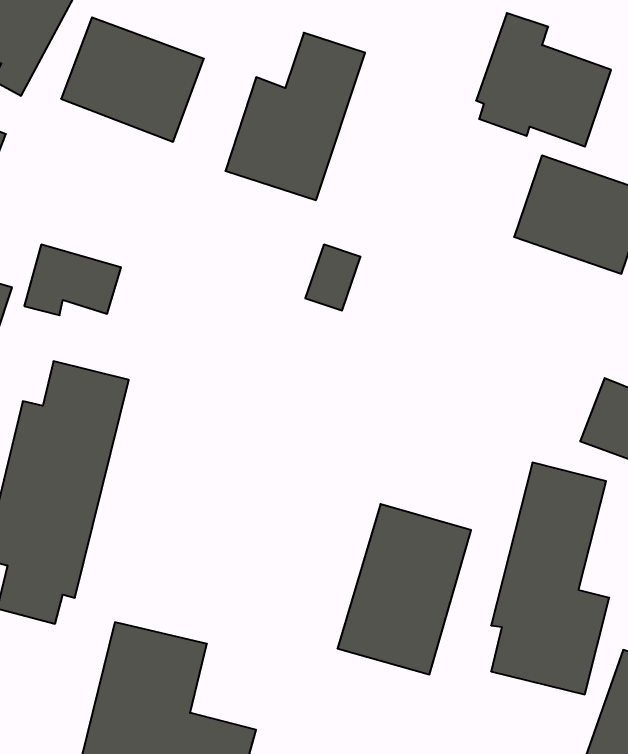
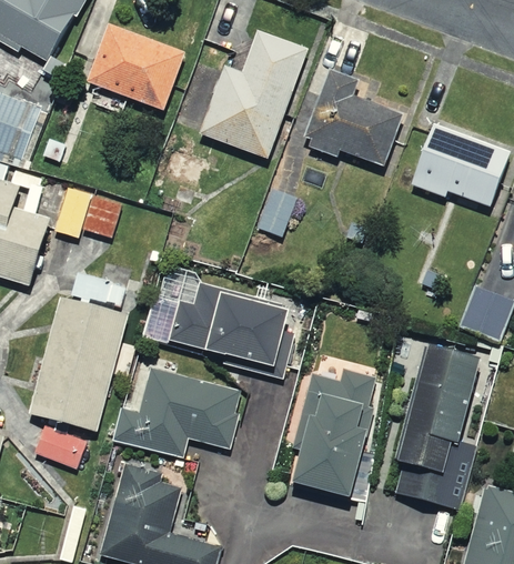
building: [476,13,611,147] -> [304,73,402,170]
building: none -> [172,283,316,383]
building: none -> [113,364,244,455]

